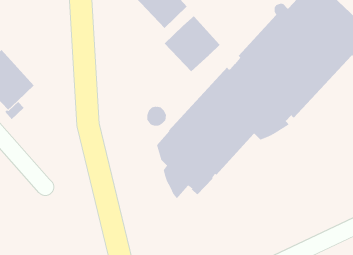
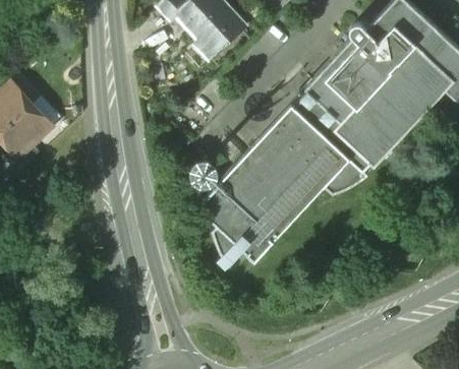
building: [164,15,220,72] -> none

